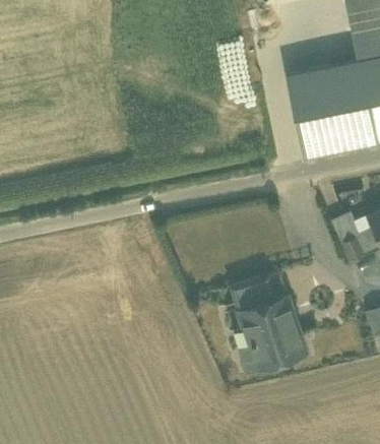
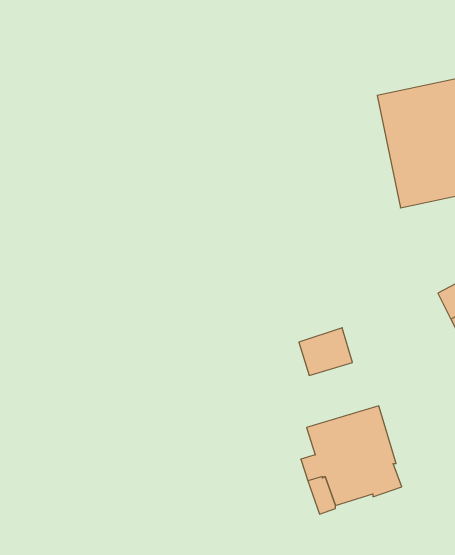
building: [232,278,269,312] -> [299,328,352,375]

